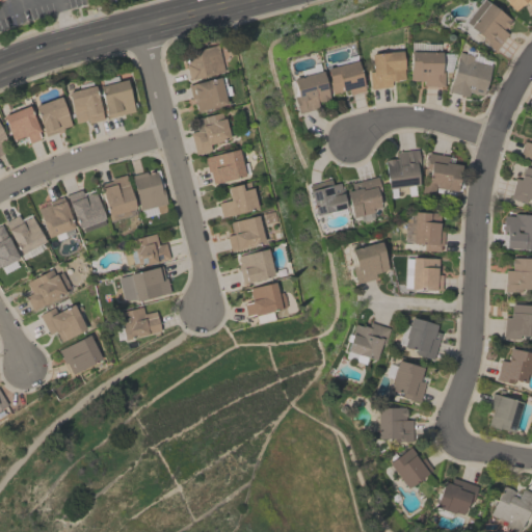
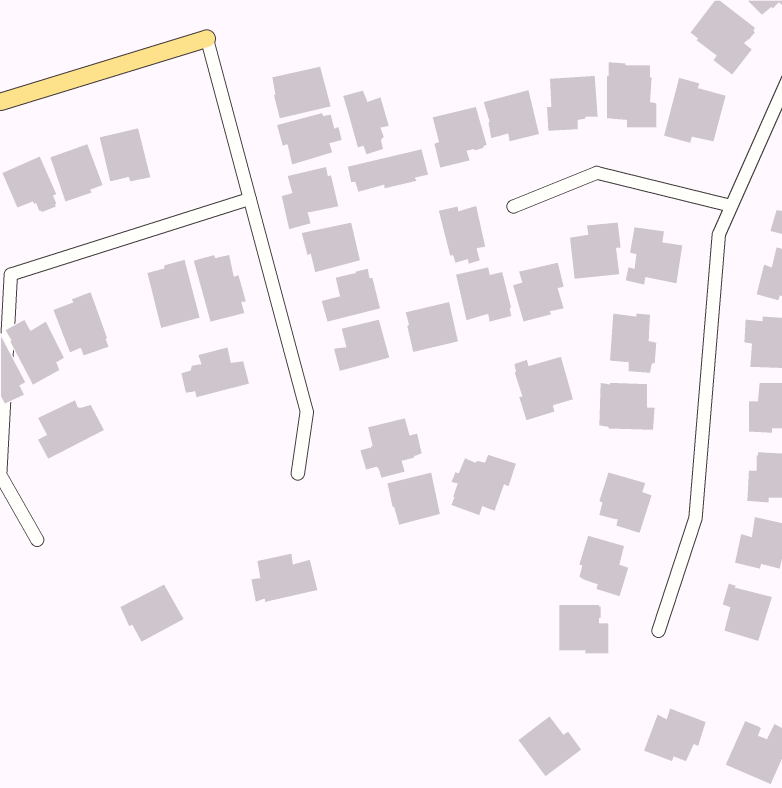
building: none -> [343,90,390,155]
building: [102,76,137,118] -> none
building: none -> [347,149,429,193]
building: none -> [438,205,486,265]
building: [70,189,108,232] -> none
building: [240,248,276,283] -> [405,302,459,352]
building: [119,266,172,300] -> none
building: [42,304,89,342] -> none
building: [117,307,163,340] -> [250,553,318,602]
building: none -> [387,472,440,525]
building: [348,322,393,364] -> [451,454,517,516]
building: [61,335,105,374] -> [120,584,184,642]
building: [392,447,435,488] -> [517,715,582,777]

